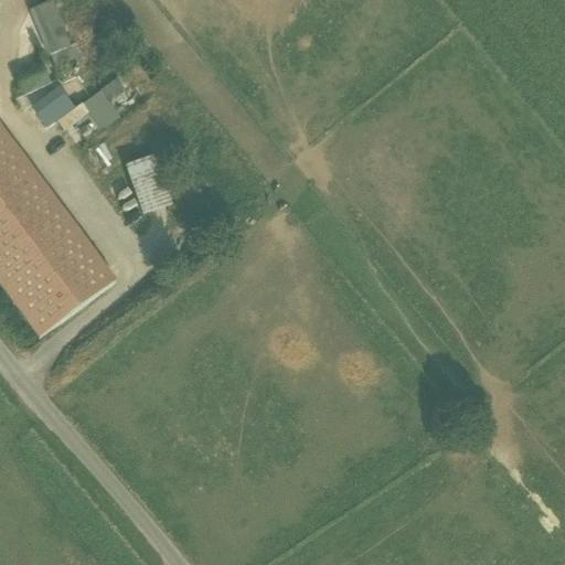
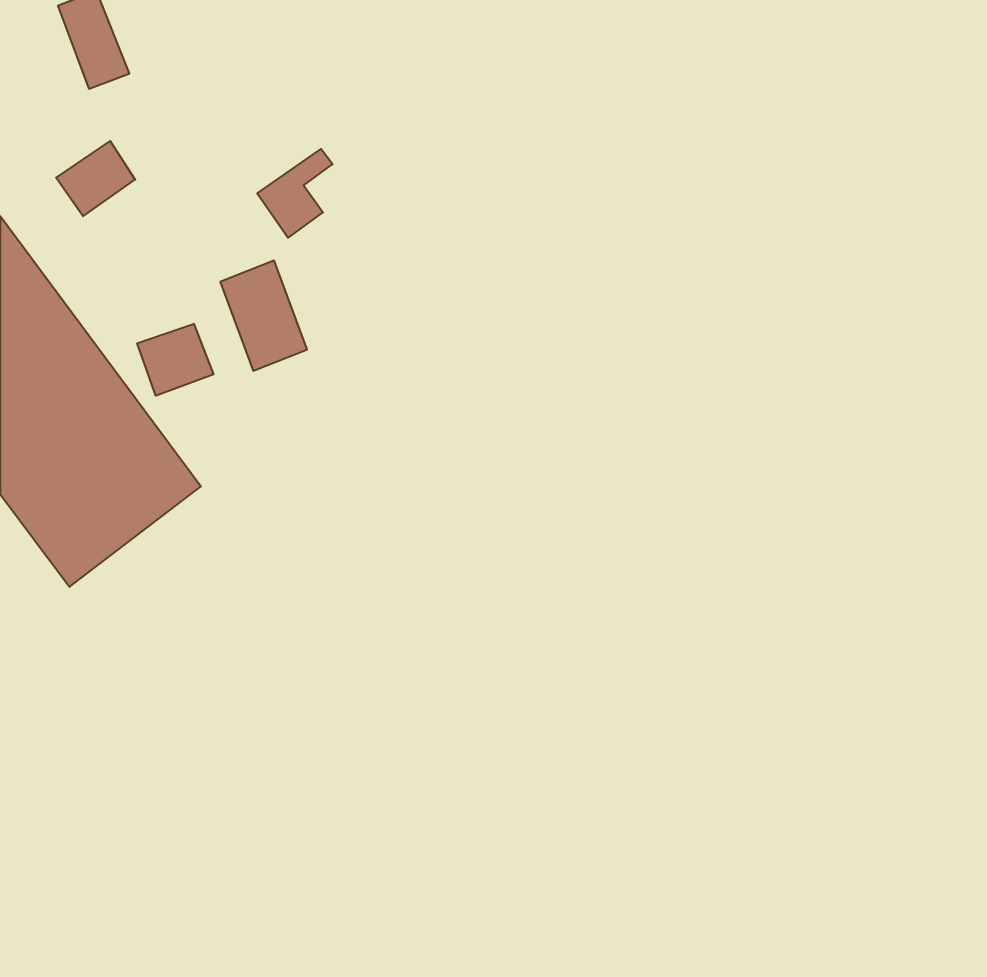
building: [83,75,126,126] -> [257,149,333,238]
building: none -> [137,324,213,396]

